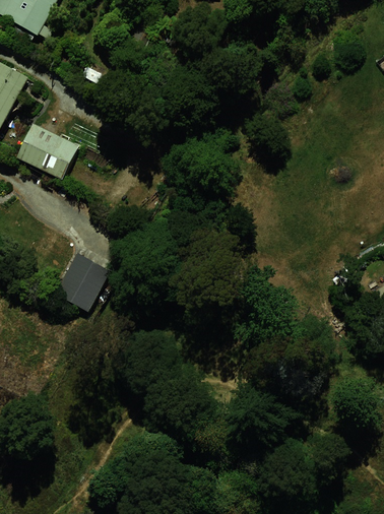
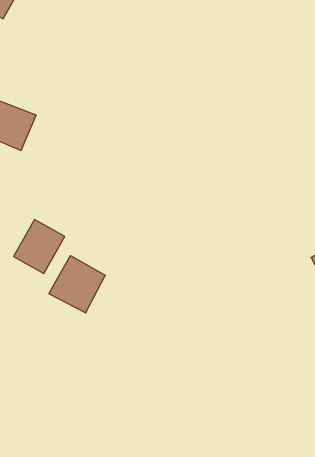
building: none -> [49,256,105,313]

